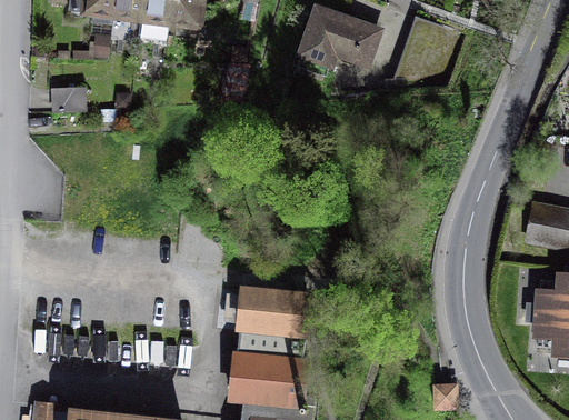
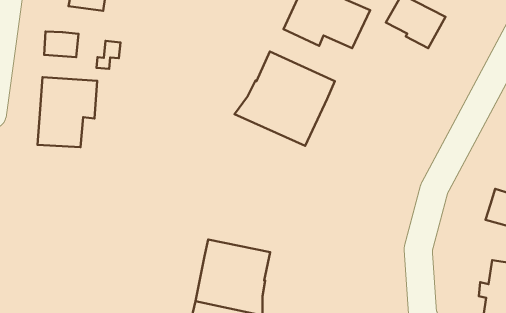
building: none -> [234,51,335,146]
building: none -> [37,77,97,147]

